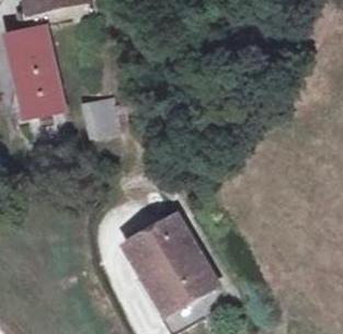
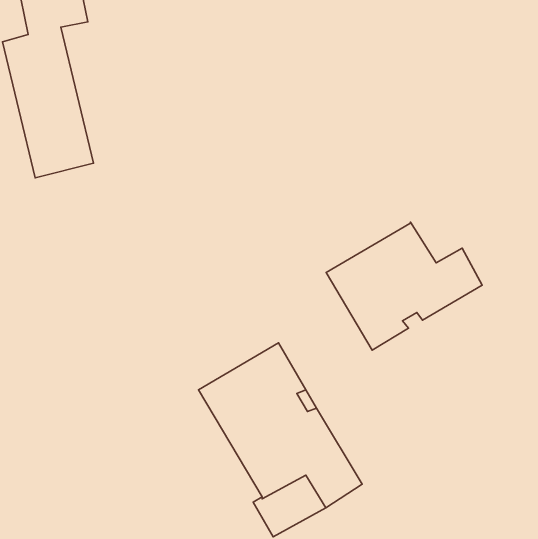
building: [83,94,118,133] -> none
building: none -> [326,222,482,350]

